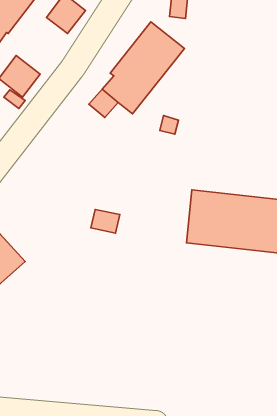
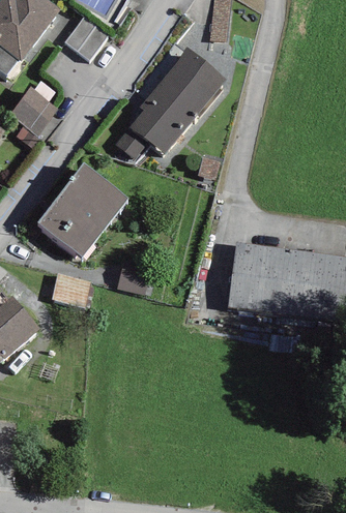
building: none -> [38,163,125,254]
building: none -> [51,274,89,306]

